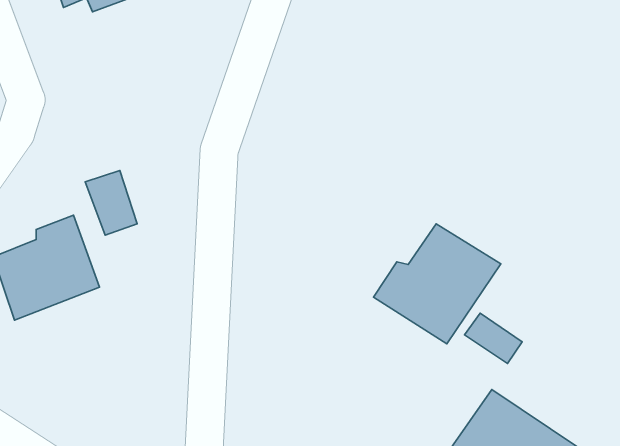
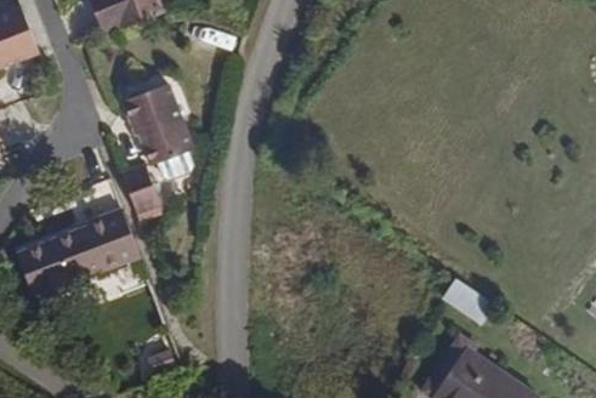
building: none -> [123,78,197,165]
building: [373,224,501,344] -> none

